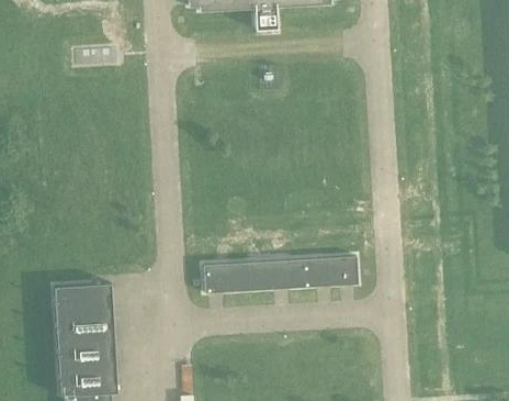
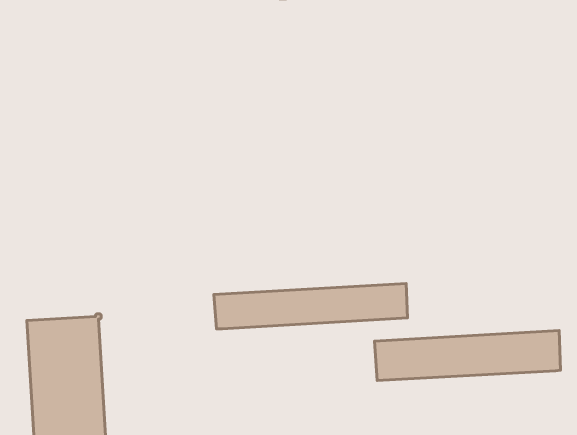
building: none -> [374,331,561,381]

